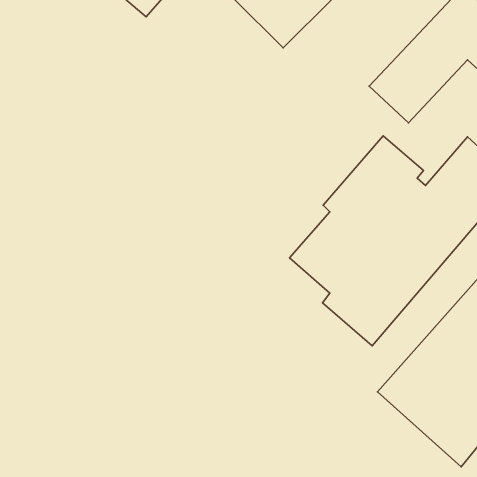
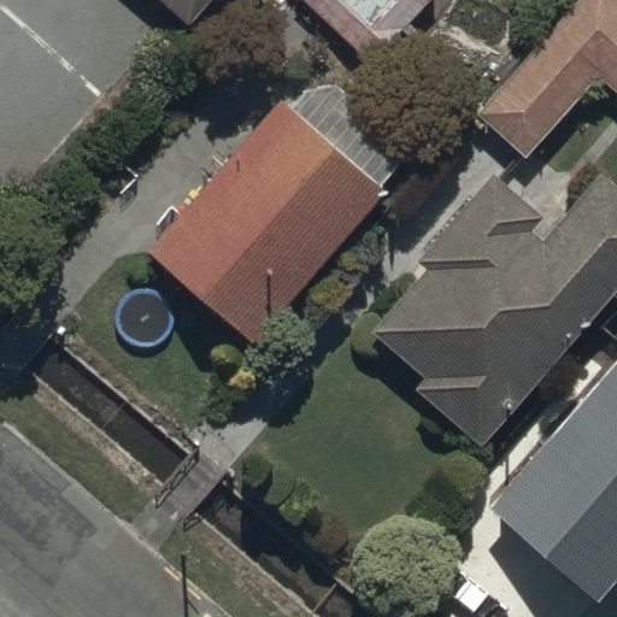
building: none -> [149,102,384,342]

